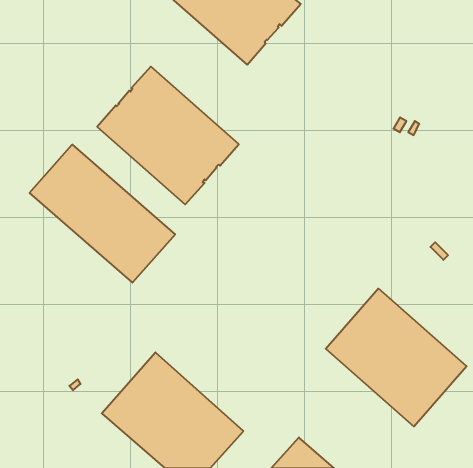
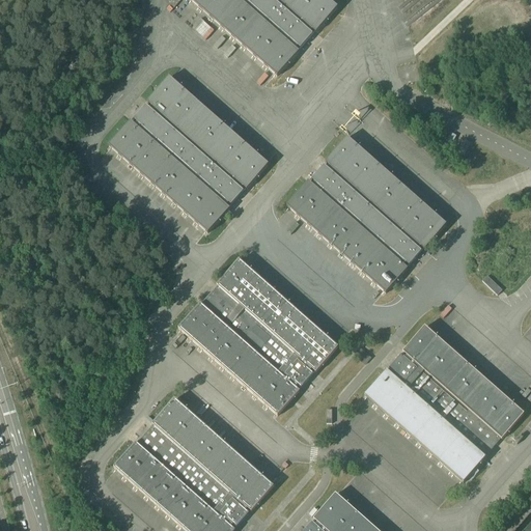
building: none -> [286,135,446,289]
building: [30,145,175,283] -> none
building: none -> [178,257,338,413]

